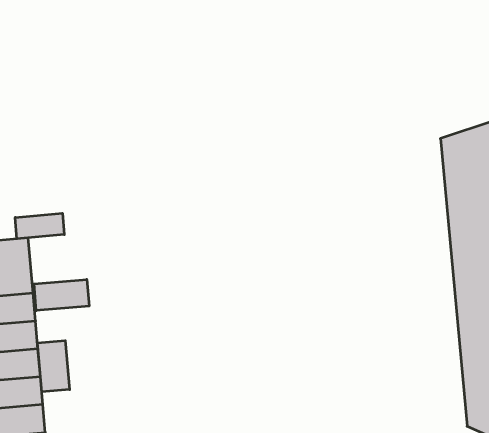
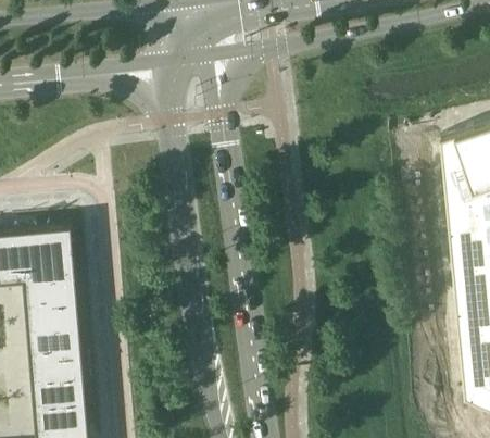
building: [15,213,64,239] -> none
building: [34,279,89,311] -> none
building: [38,341,70,392] -> none

